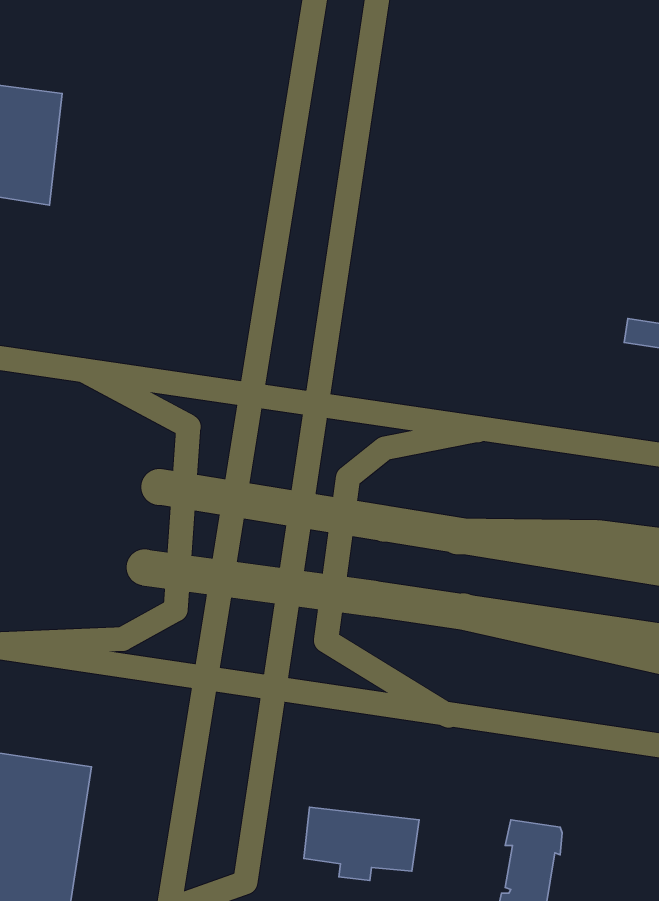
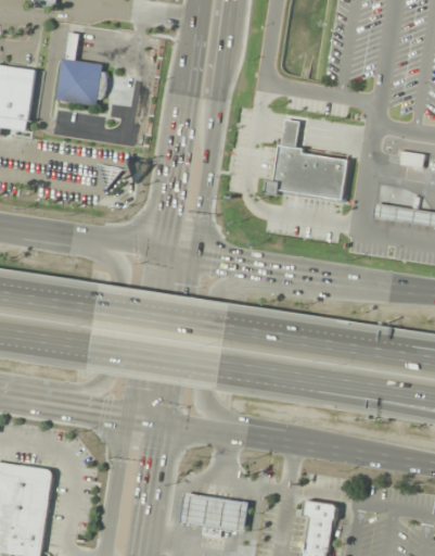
building: none -> [57,33,106,104]
building: none -> [261,119,345,199]

